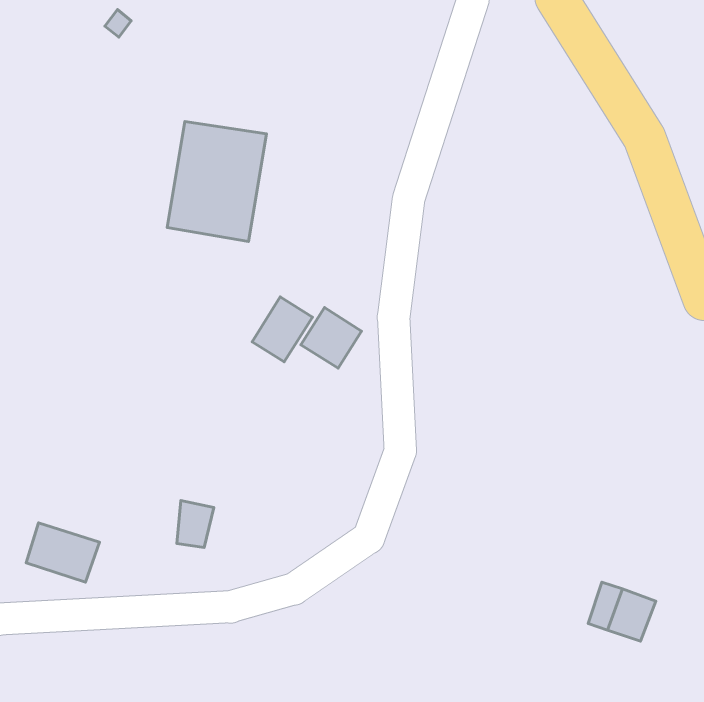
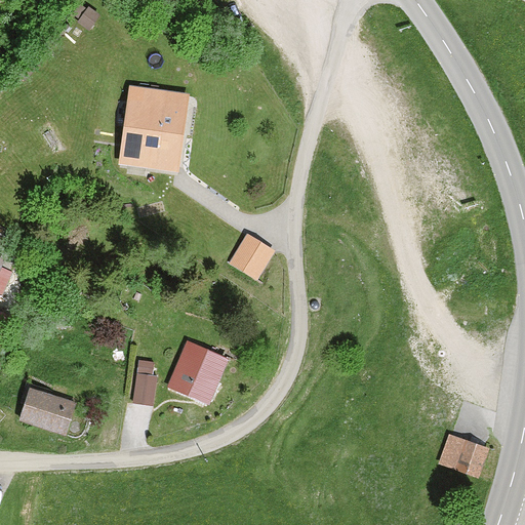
building: [252,297,312,362] -> none
building: none -> [167,338,228,401]

